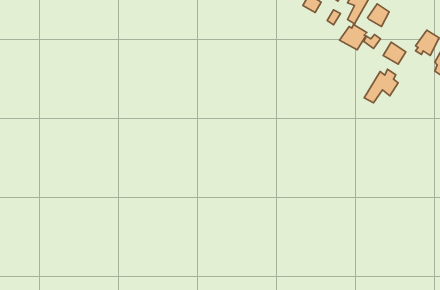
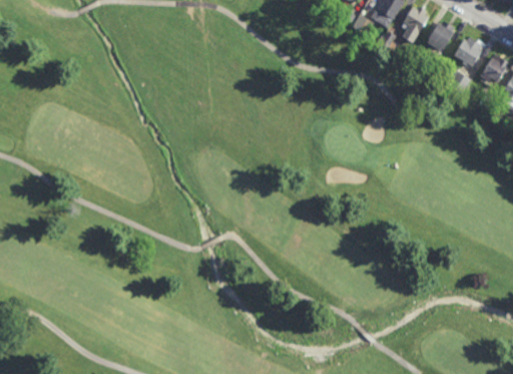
building: [340,25,367,50] -> [452,37,483,66]
building: [364,69,398,103] -> none

